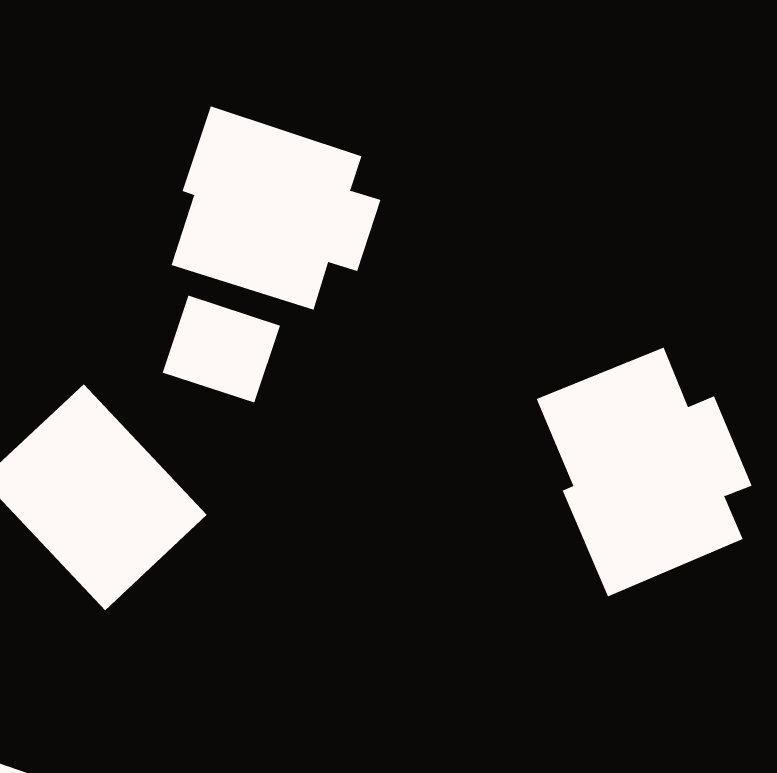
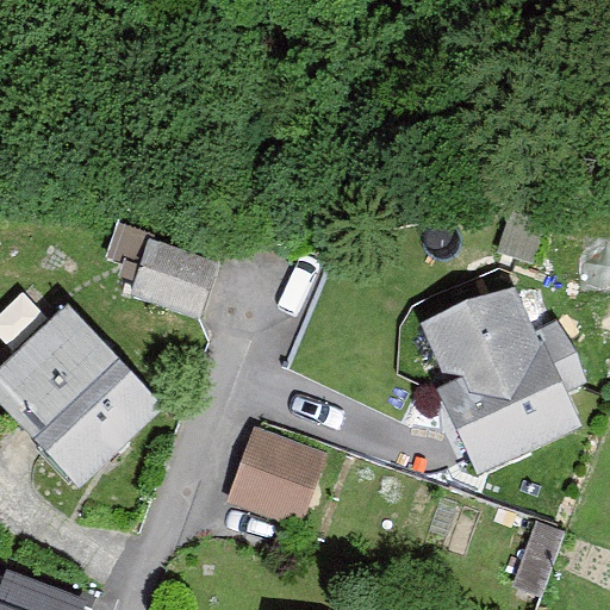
building: [171,106,381,311] -> none
building: none -> [228,430,320,531]

